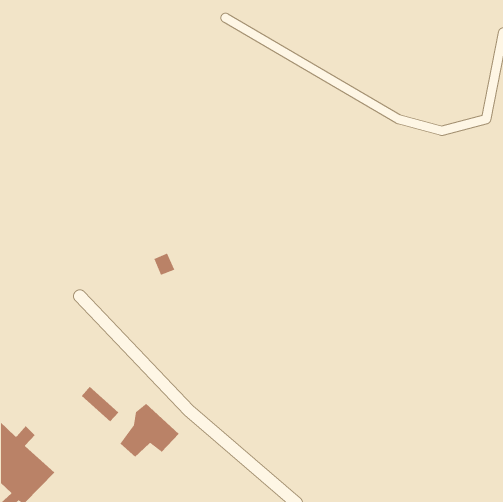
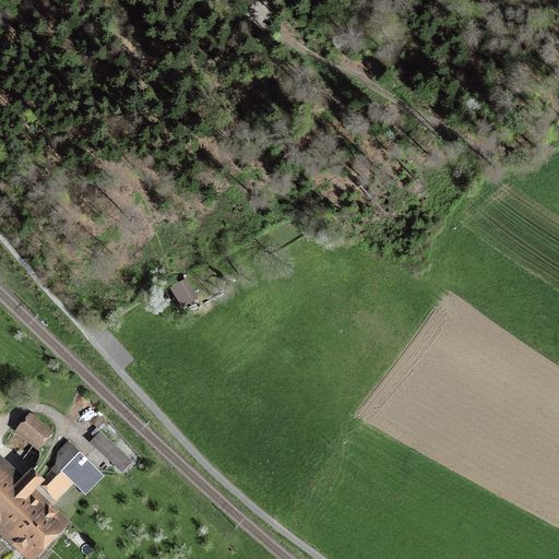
building: none -> [14,411,55,450]
building: [120,403,180,457] -> [41,440,108,500]

